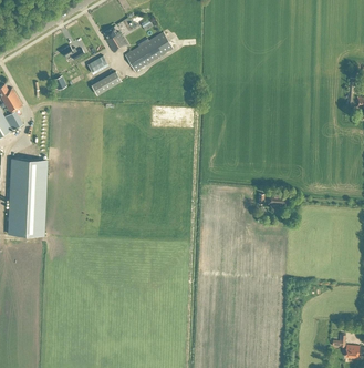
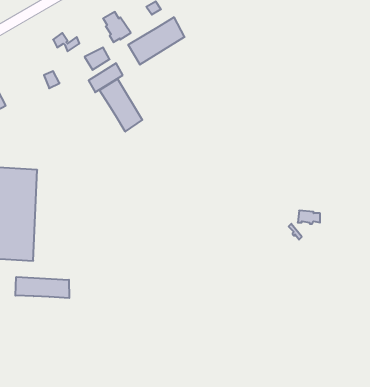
building: none -> [100,79,142,132]
building: none -> [15,277,69,298]

